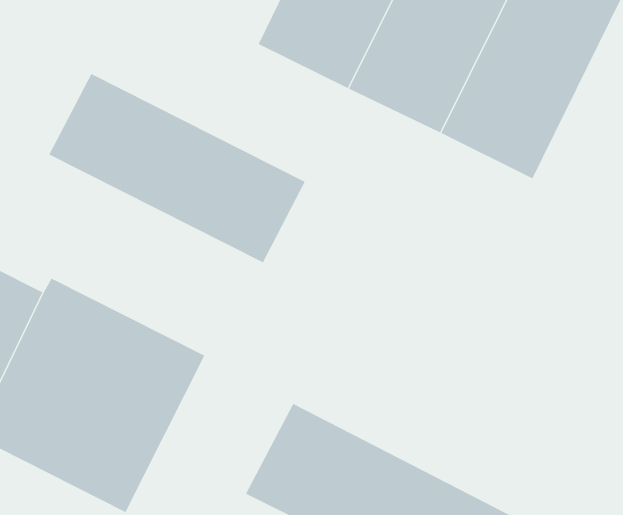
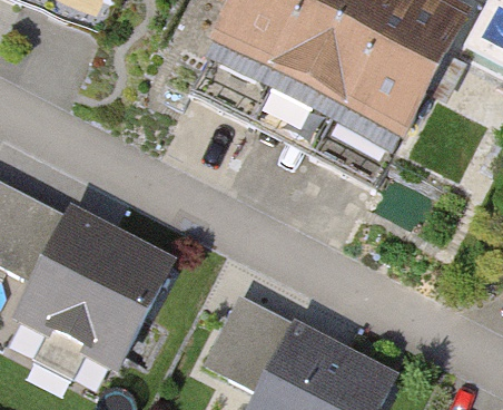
building: [49,73,306,263] -> none

